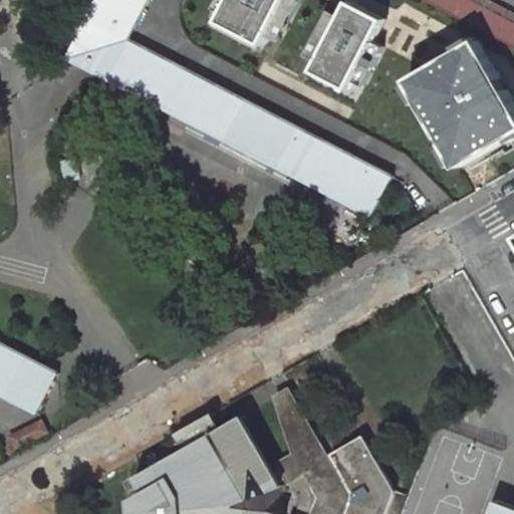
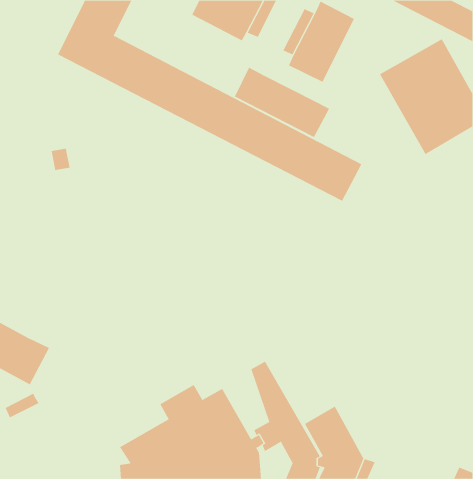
building: none -> [234,67,330,138]

